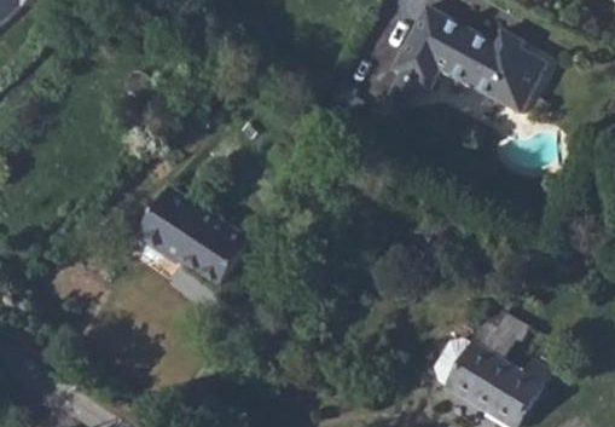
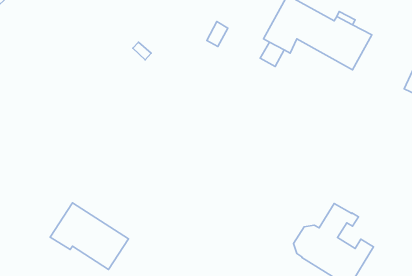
building: [137,187,250,284] -> [50,203,128,269]

